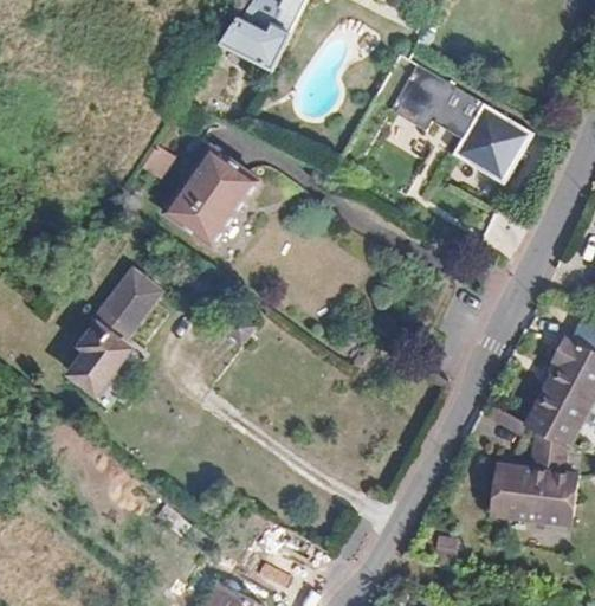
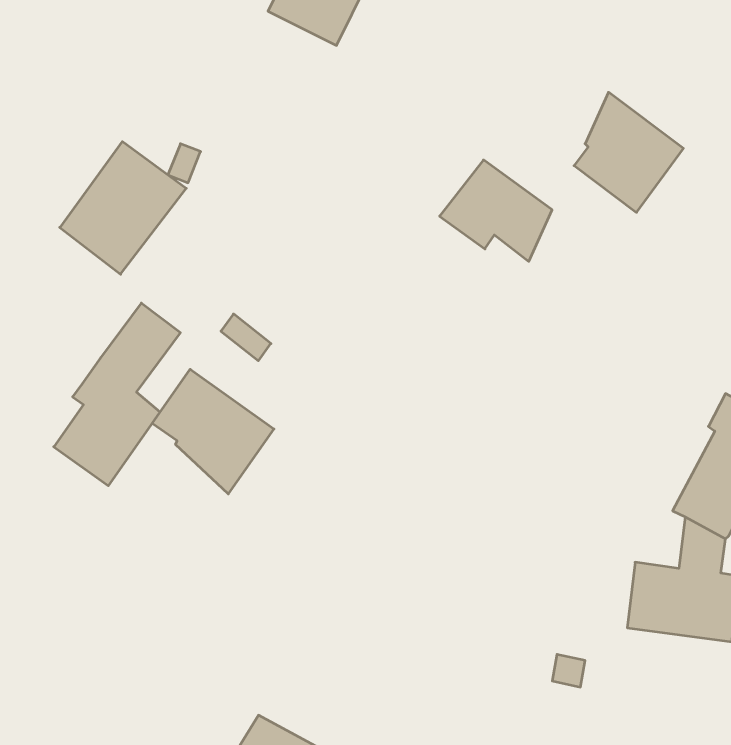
building: [394,66,479,143] -> [440,160,552,261]
building: [157,142,253,243] -> [60,142,186,274]
building: none -> [152,369,274,494]

